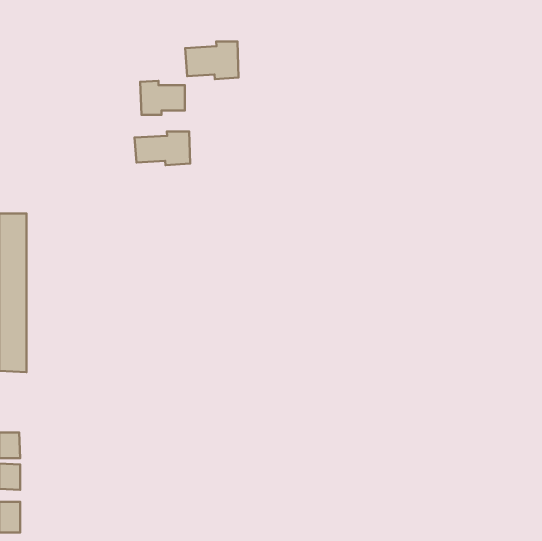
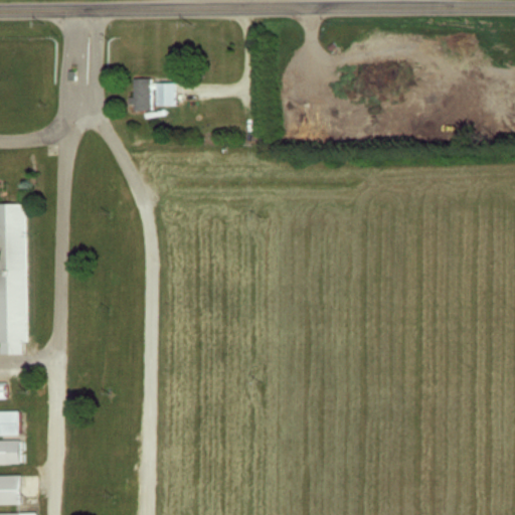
building: [185,41,239,79] -> none
building: [135,131,190,165] -> none

